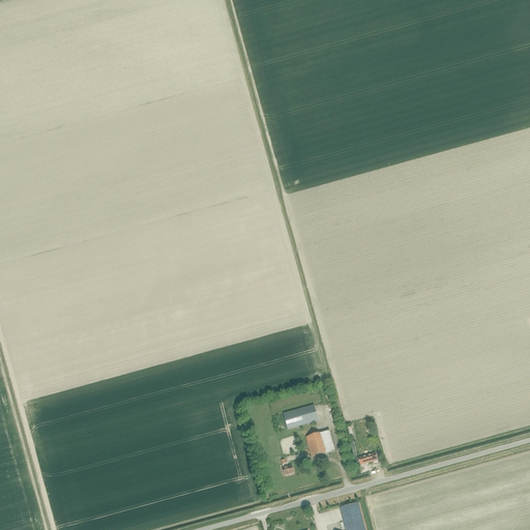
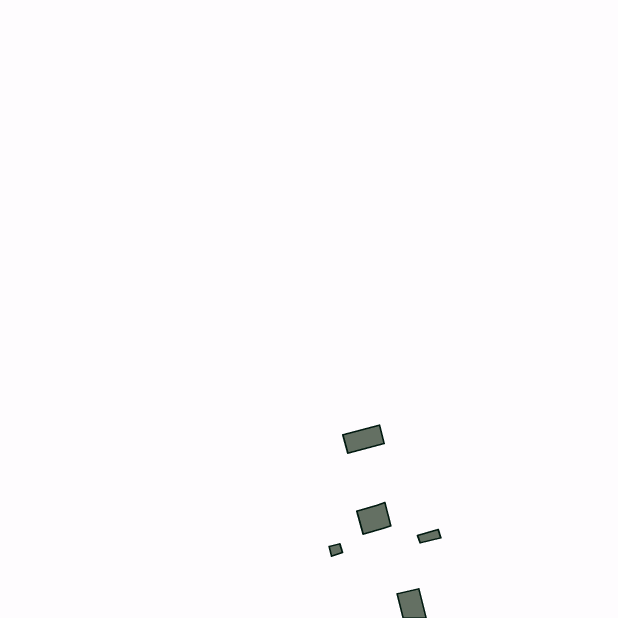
building: [282,404,317,428] -> [343,425,384,453]

